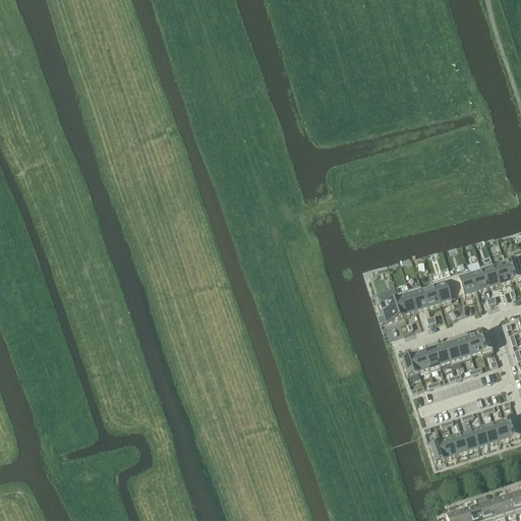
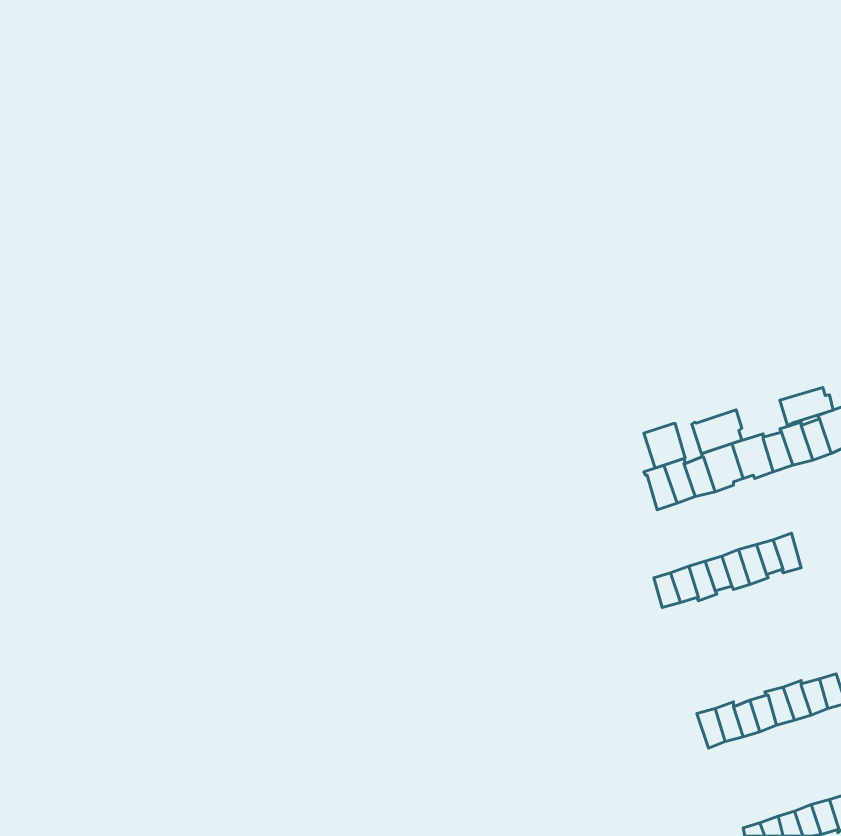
building: none -> [780,387,833,426]
building: none -> [692,410,742,454]
building: [382,292,407,320] -> [644,423,685,468]

